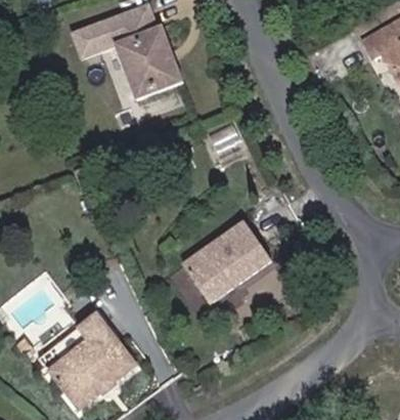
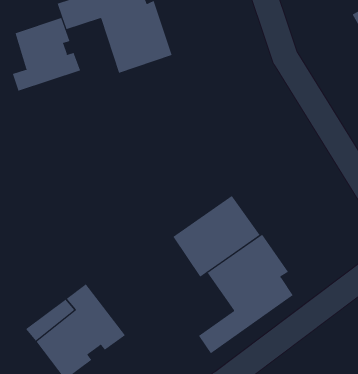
building: none -> [12,17,81,91]
building: none -> [198,234,294,354]

